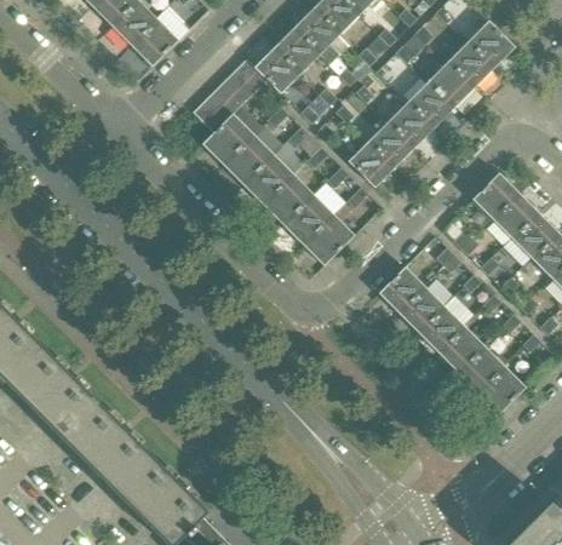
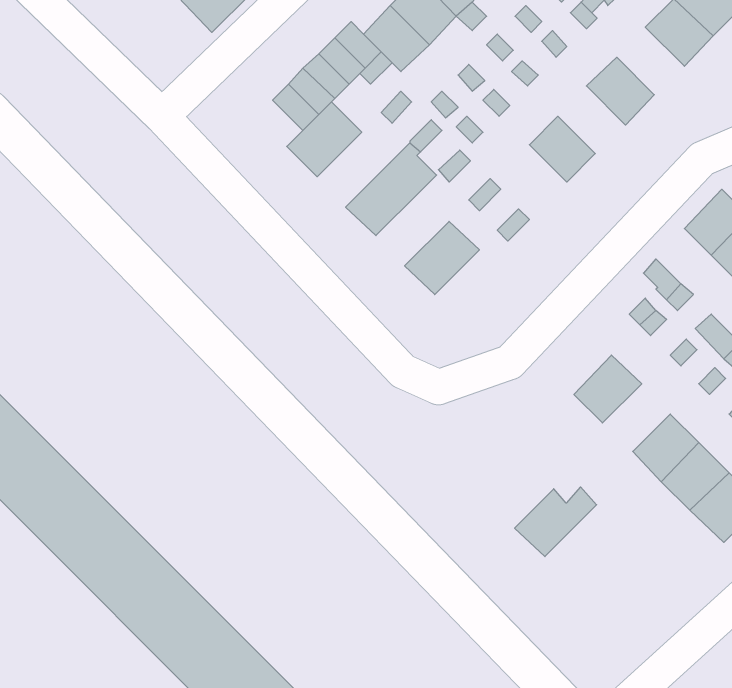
building: [426,62,472,108] -> none
building: [386,102,432,148] -> none
building: [223,133,273,184] -> none
building: [348,142,392,187] -> none
building: [263,173,312,224] -> none
building: [303,213,354,264] -> none
building: [379,266,423,311] -> none
building: [417,303,472,350] -> [515,487,597,557]

